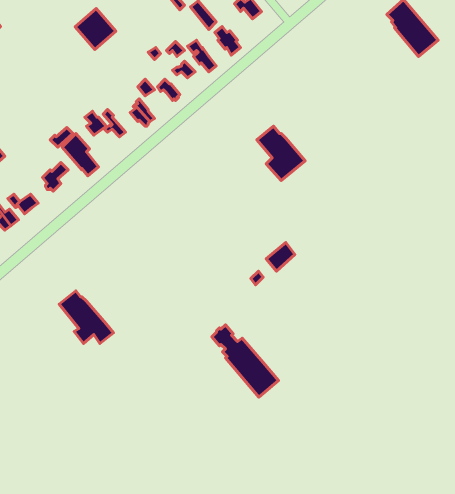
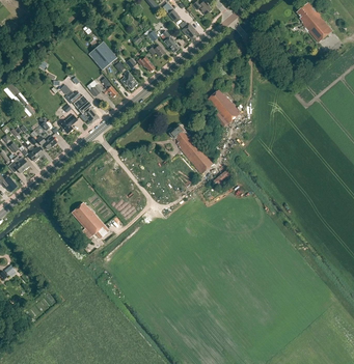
building: [75,9,116,49] -> [88,41,116,69]
building: [212,325,278,397] -> [170,124,216,174]

